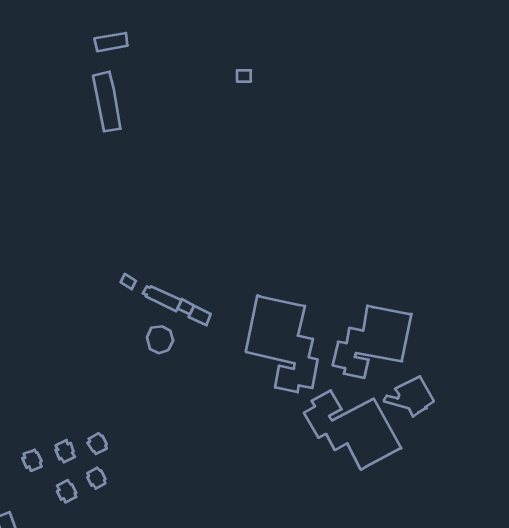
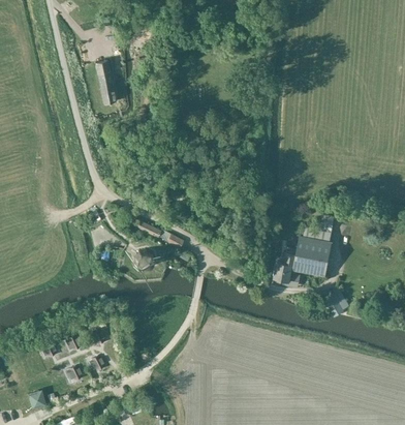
building: [246,295,317,392] -> none
building: [304,390,401,470] -> none

